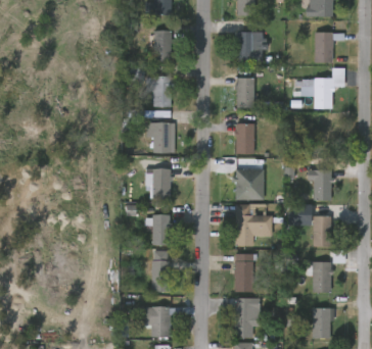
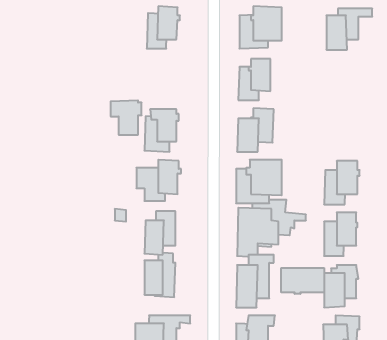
building: [297,65,350,106] -> none
building: [148,76,176,106] -> [111,100,142,135]
building: none -> [281,268,324,294]

